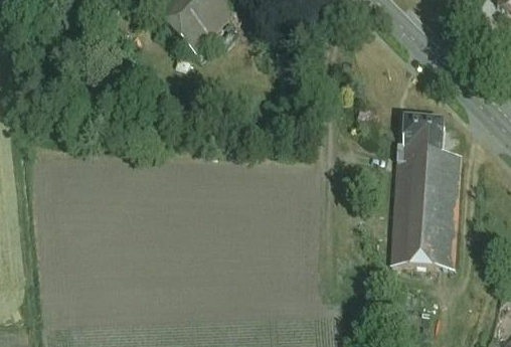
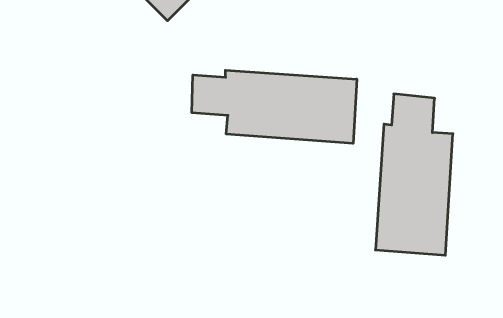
building: none -> [192,70,357,143]

